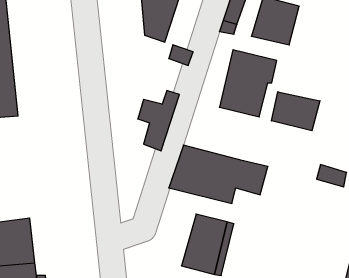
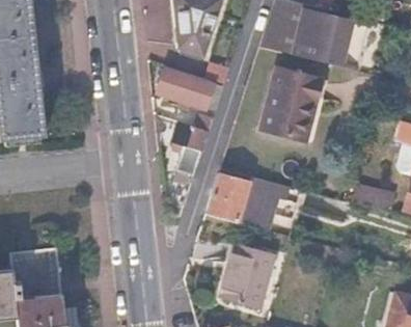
building: none -> [160,69,217,107]
building: [272,92,320,131] -> none

